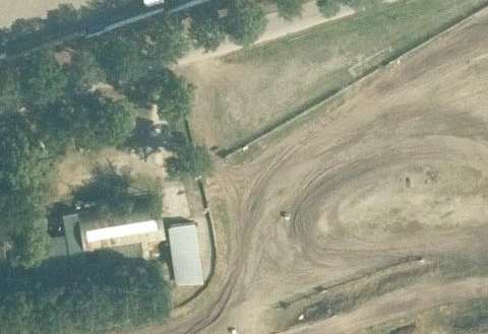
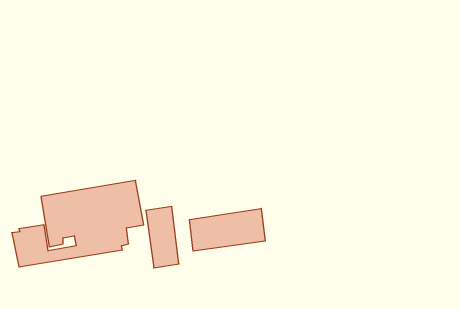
building: none -> [189,208,265,251]

